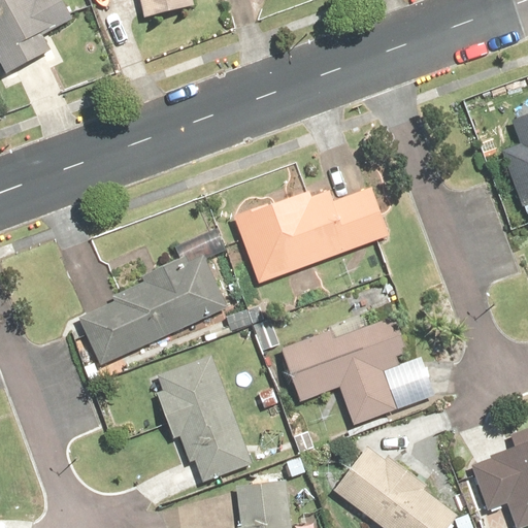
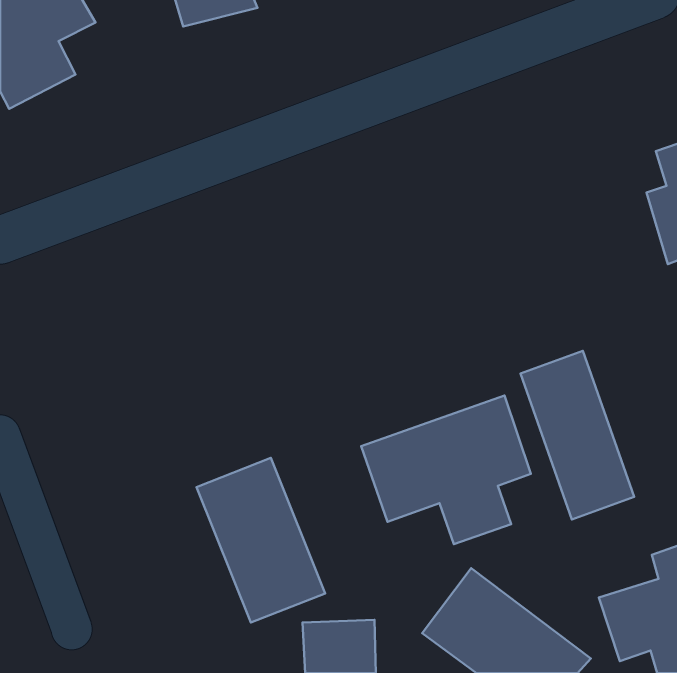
building: [230,175,392,283] -> none
building: [76,251,228,366] -> none
building: none -> [521,351,634,519]

